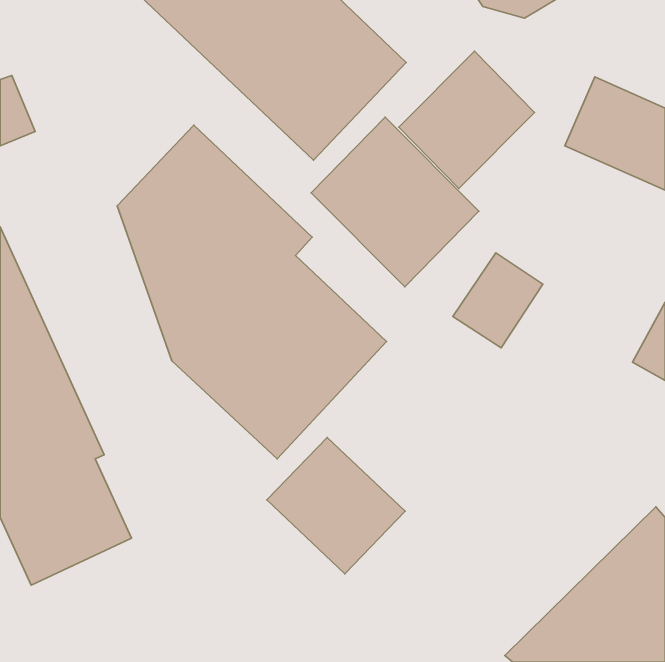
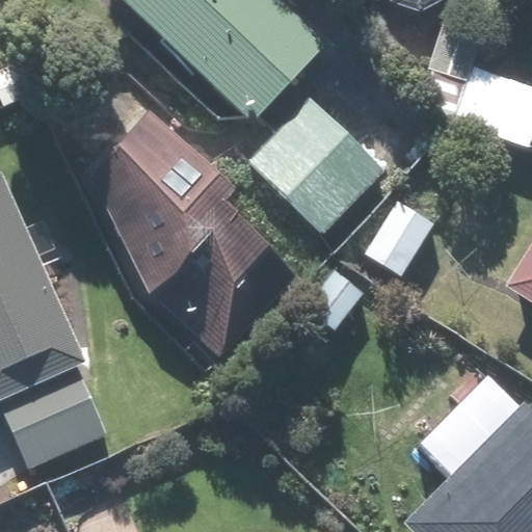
building: [399,51,535,188] -> none
building: [267,437,405,574] -> none

